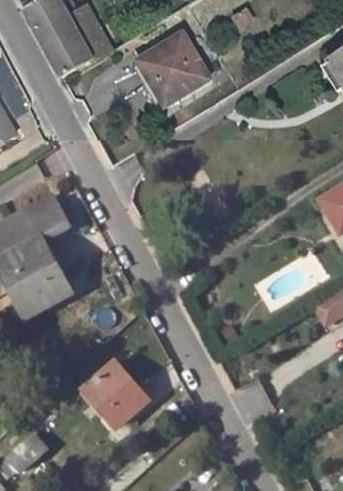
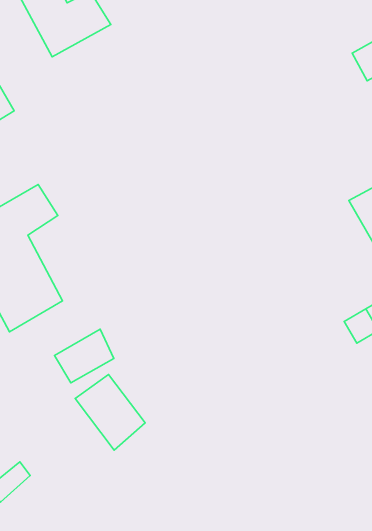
building: [136,37,210,104] -> none
building: none -> [54,329,114,383]

